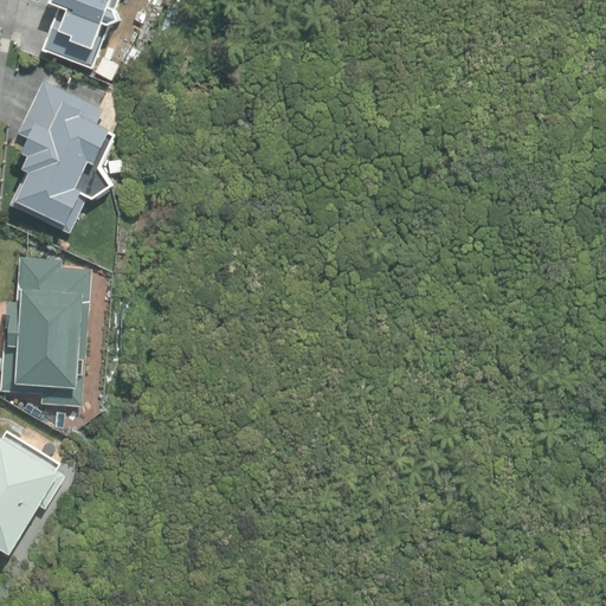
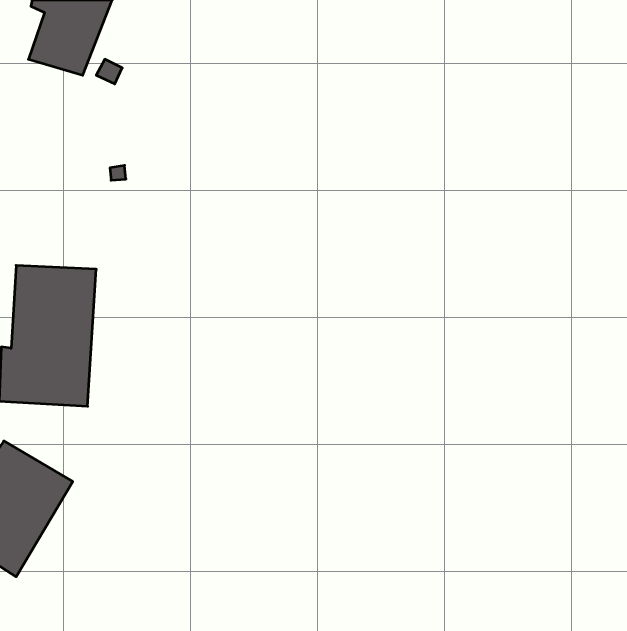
building: [11,79,116,233] -> none

